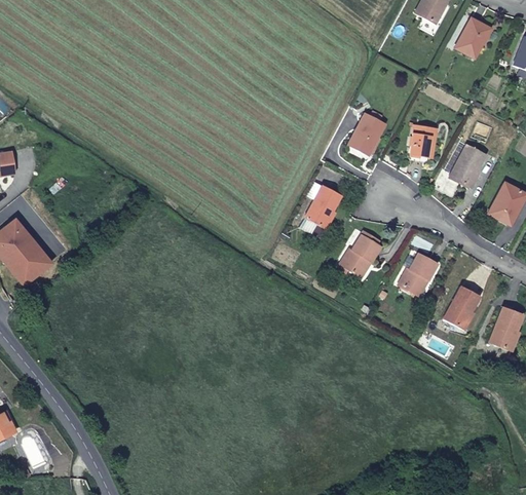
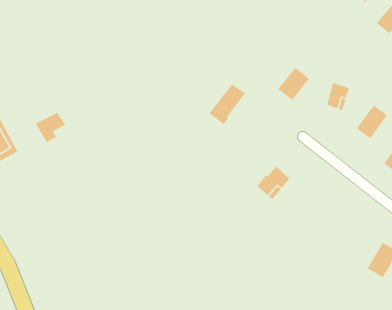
building: [299,186,340,237] -> [208,83,246,125]
building: none -> [35,112,66,143]
building: [400,253,437,295] -> none
building: [444,287,480,328] -> none

